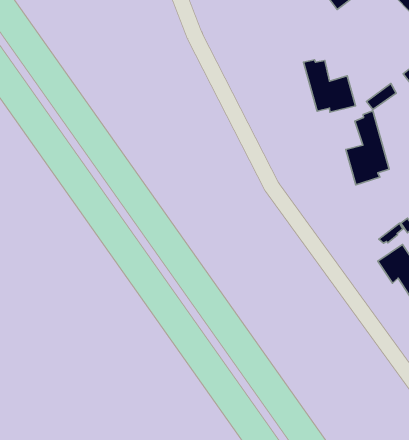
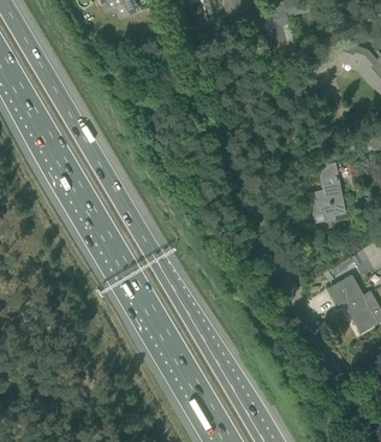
building: [304,60,355,112] -> none

